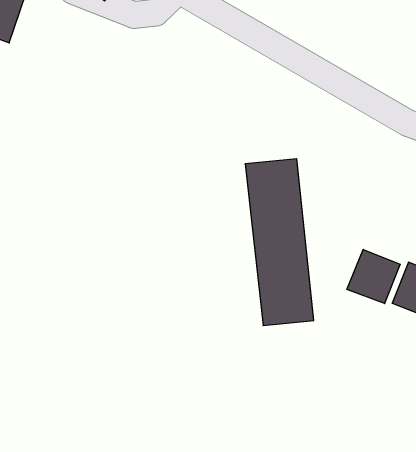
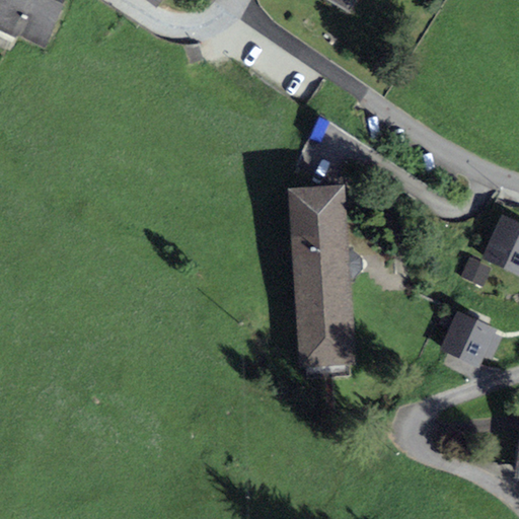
building: [347,249,400,304] -> none

